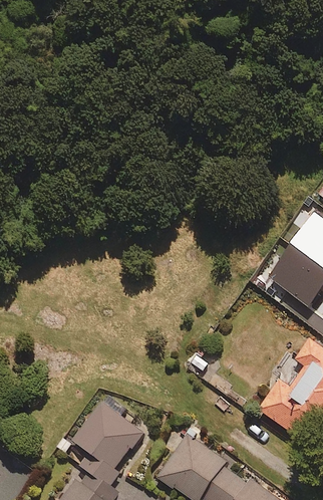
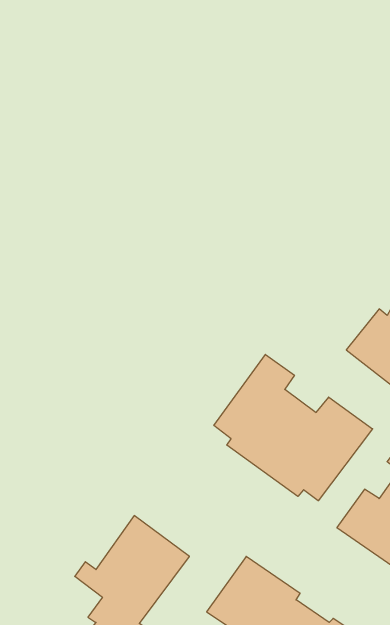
building: none -> [214,354,373,501]

